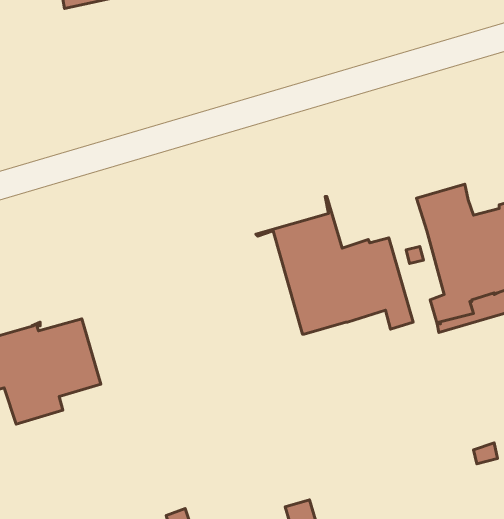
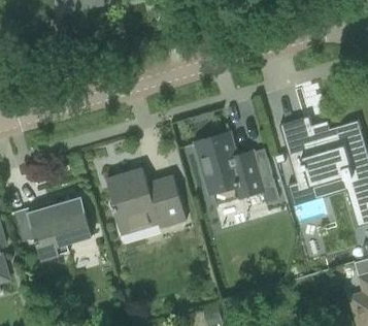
building: none -> [106,168,186,239]

